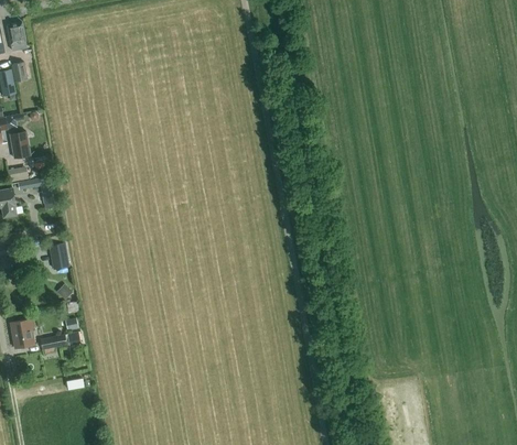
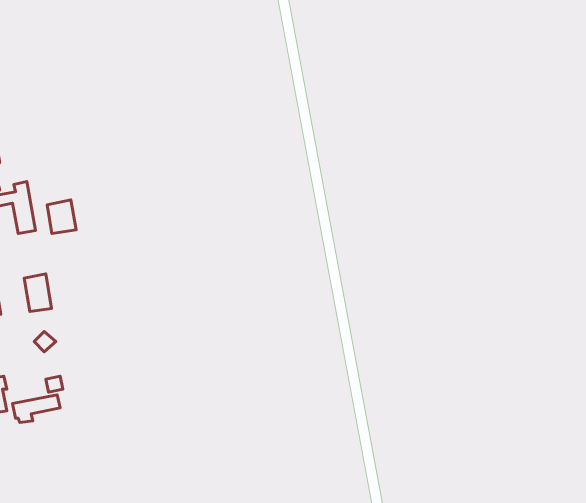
building: none -> [47,200,76,234]

